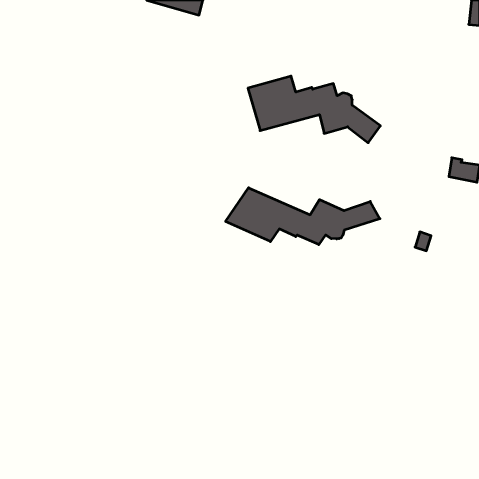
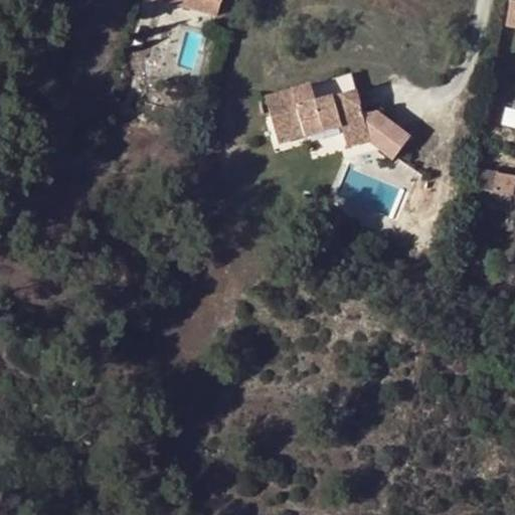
building: [226,188,380,245] -> none

